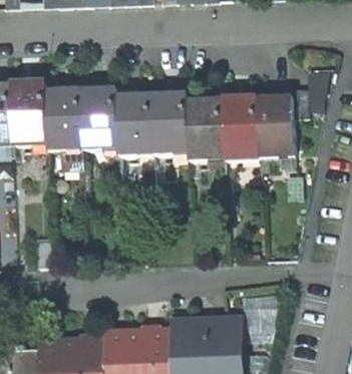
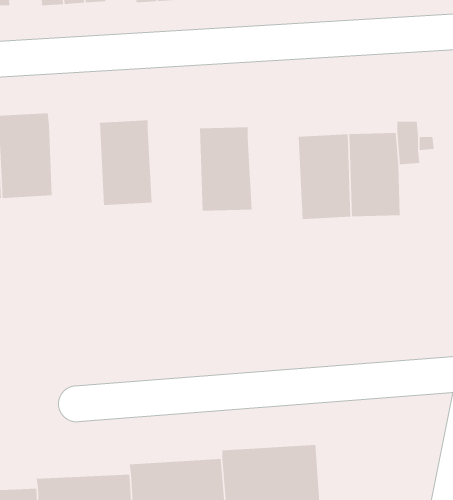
building: [47,89,85,150] -> none
building: [117,93,155,153] -> none
building: [189,99,227,159] -> none

